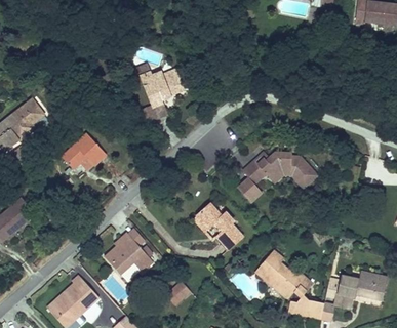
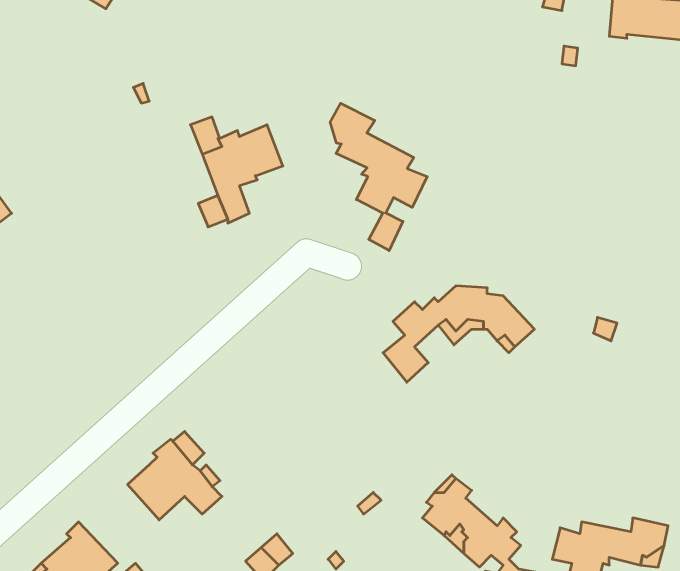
building: none -> [330,103,427,251]
building: [61,132,106,169] -> none
building: [193,203,242,249] -> none

